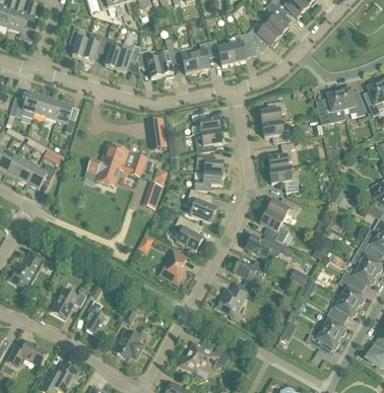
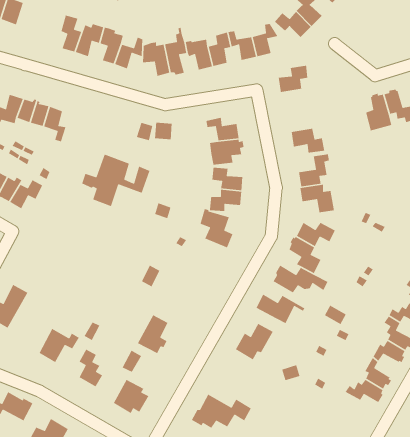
building: [260,100,285,123] -> [278,65,308,93]
building: [175,213,202,250] -> none
building: [159,249,186,282] -> [137,314,169,354]

